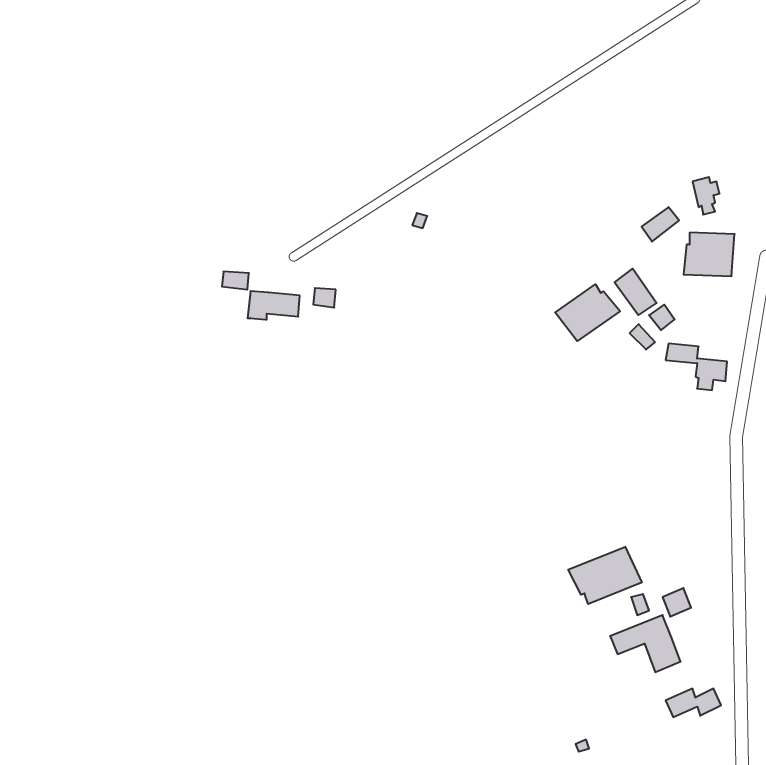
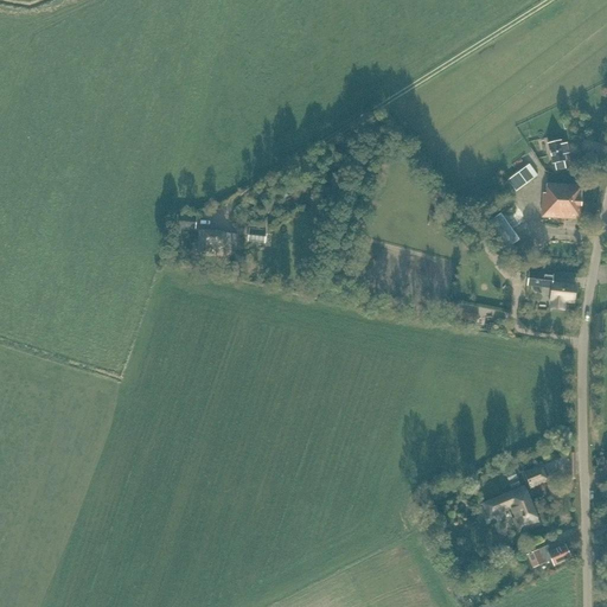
building: [555,284,620,341] -> none
building: [568,547,642,604] -> none

